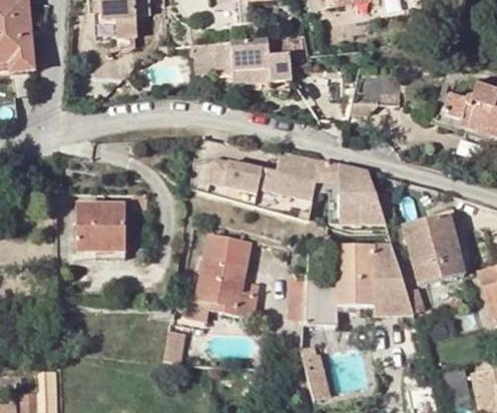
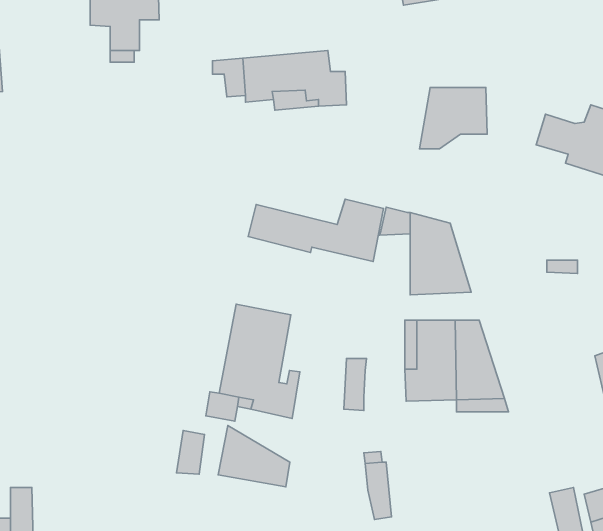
building: [75,202,123,252] -> none
building: [401,213,466,285] -> none
building: none -> [218,426,290,487]

